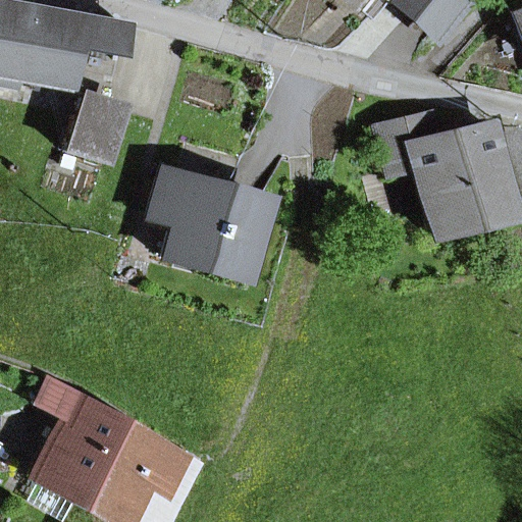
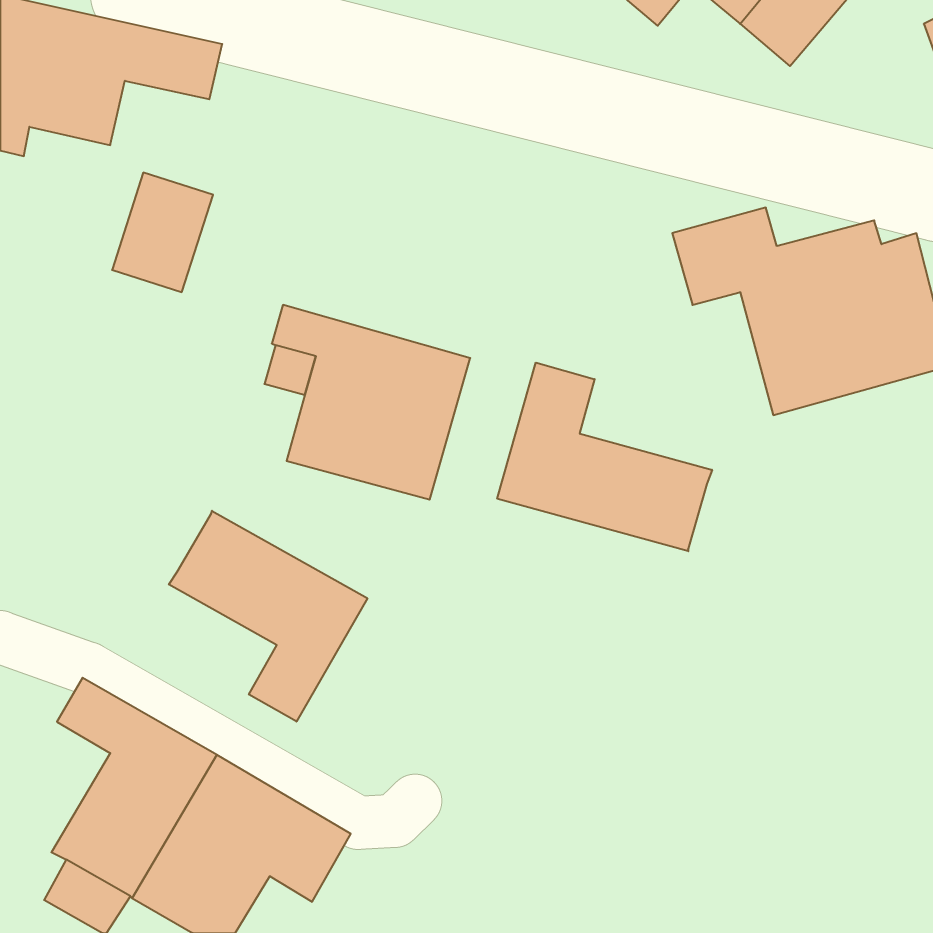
building: none -> [497,363,712,551]
building: none -> [169,511,367,722]

